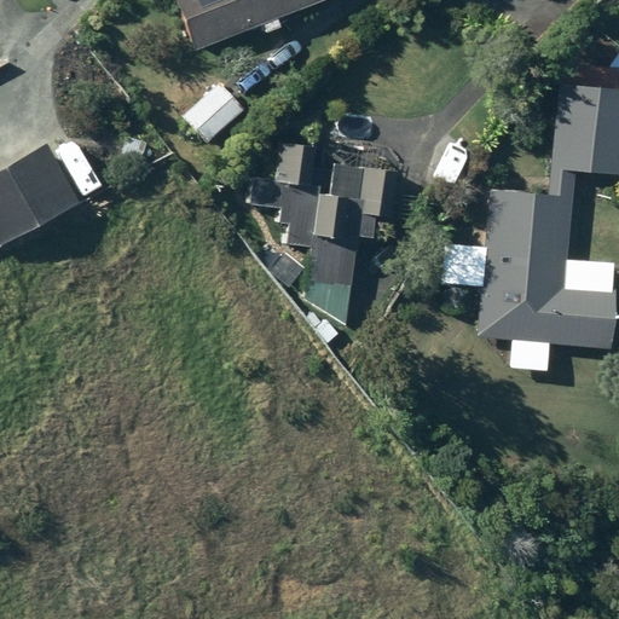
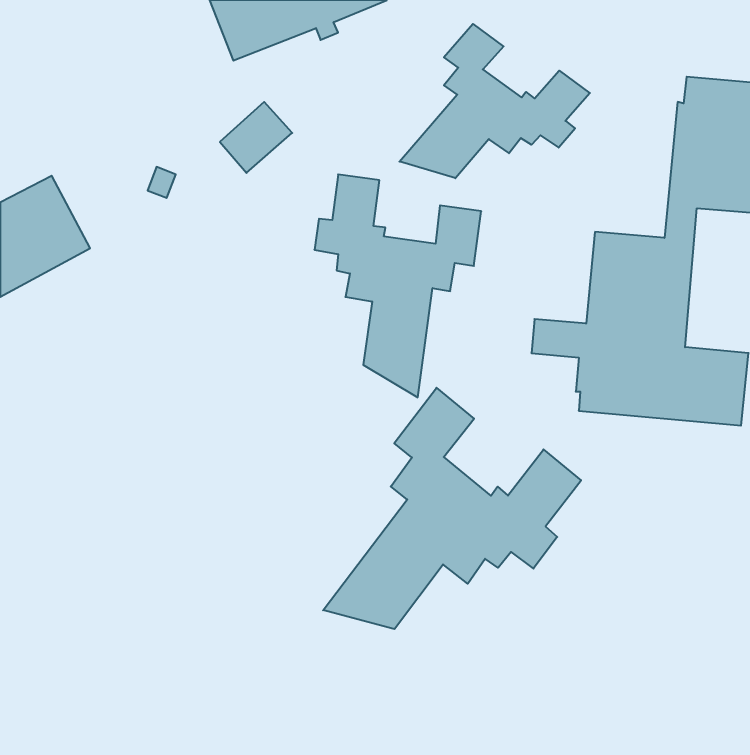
building: none -> [399,24,590,178]
building: none -> [323,388,581,629]

